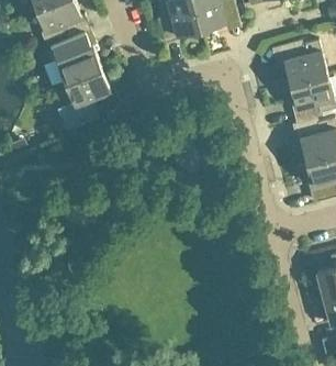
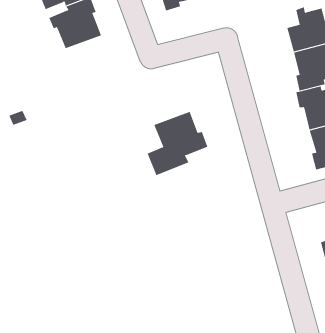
building: [58,70,119,134] -> [147,111,208,176]

